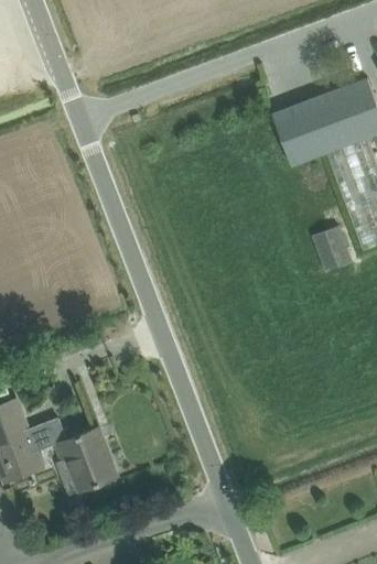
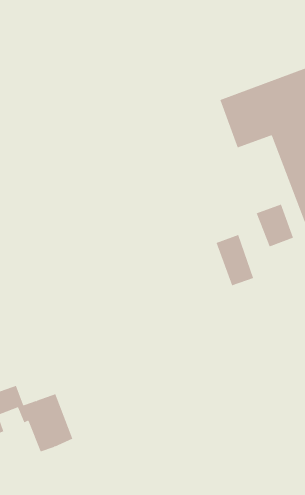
building: none -> [216,234,254,286]

